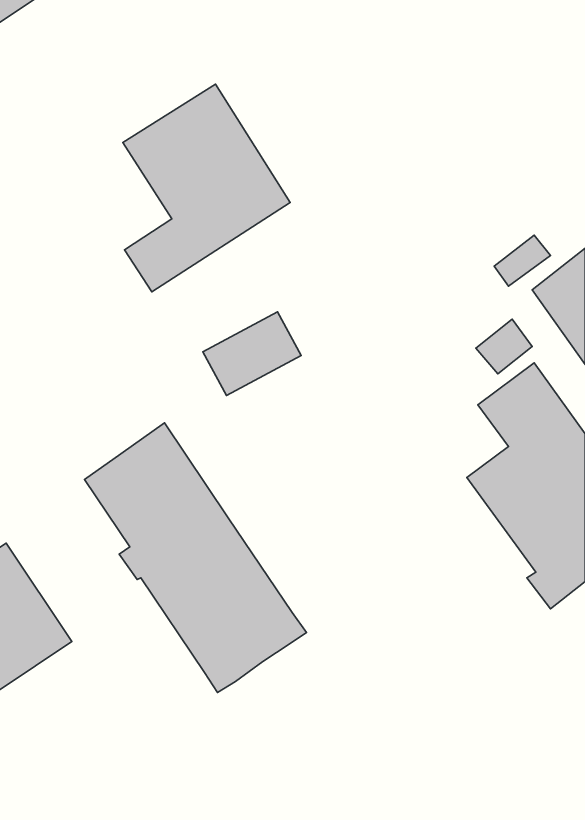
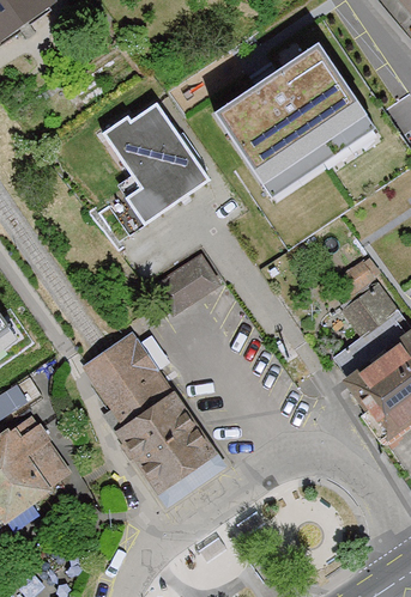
building: none -> [212,51,365,194]

